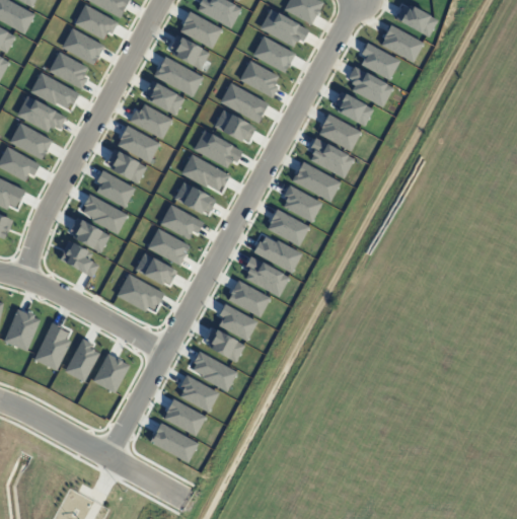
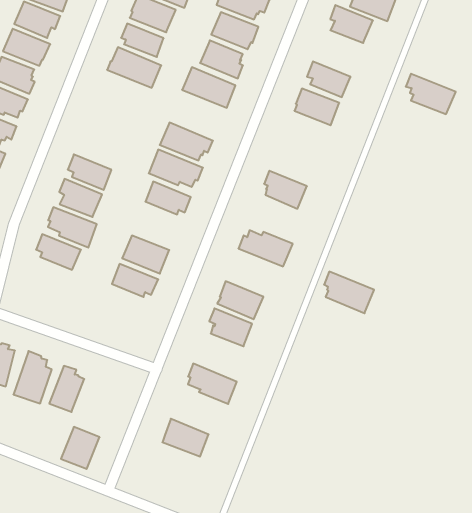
building: [348,66,392,106] -> [406,74,456,114]
building: [144,80,183,116] -> none
building: [129,103,172,139] -> none
building: [213,109,254,142] -> none
building: [117,125,159,162] -> none
building: [309,138,353,177] -> none
building: [291,161,340,202] -> none
building: [159,204,203,239] -> none
building: [267,209,308,246] -> none
building: [59,242,98,278] -> none
building: [244,255,289,297] -> [324,272,374,313]
building: [116,273,164,311] -> none
building: [205,327,243,362] -> none
building: [91,353,129,392] -> [61,427,100,469]
building: [179,374,218,412] -> none
building: [149,423,198,462] -> none

